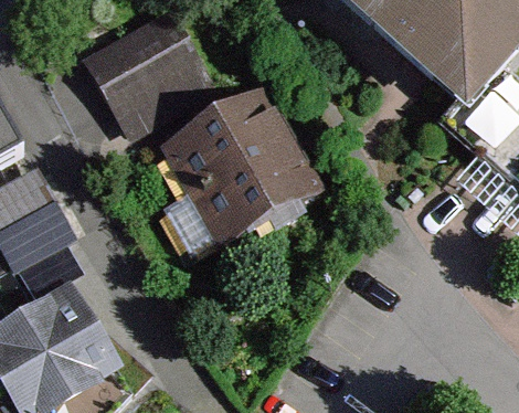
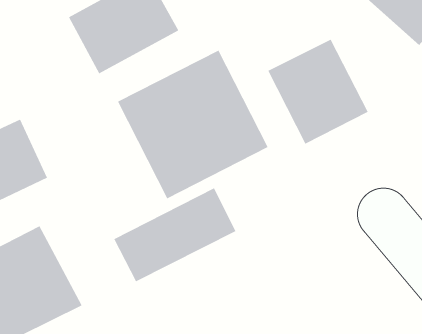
building: none -> [268,39,369,145]
building: none -> [113,188,236,282]

